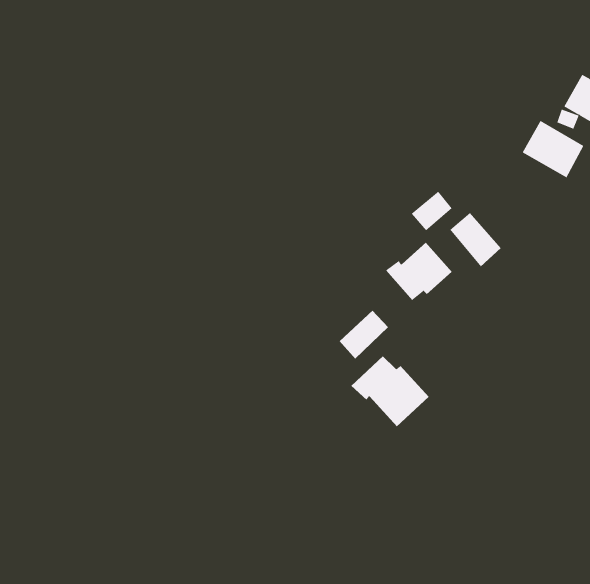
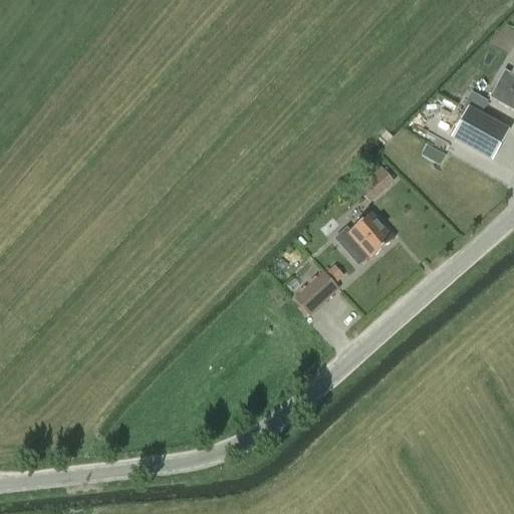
building: [450,212,501,267] -> none
building: [350,355,429,427] -> none

